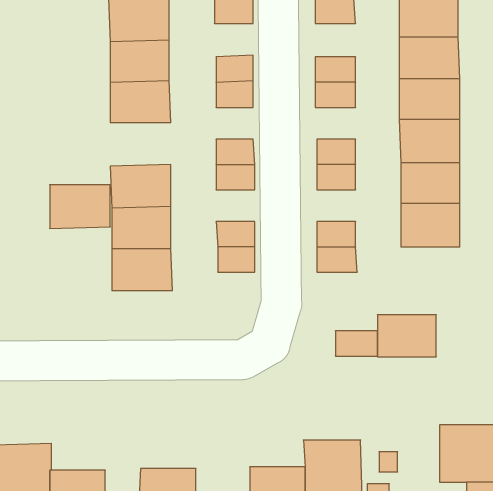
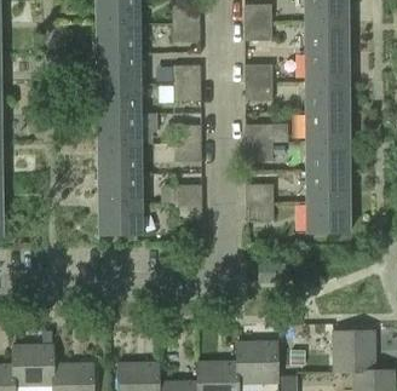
building: [50,185,110,228] -> [97,114,140,145]
building: [377,315,436,357] -> [306,203,349,234]

